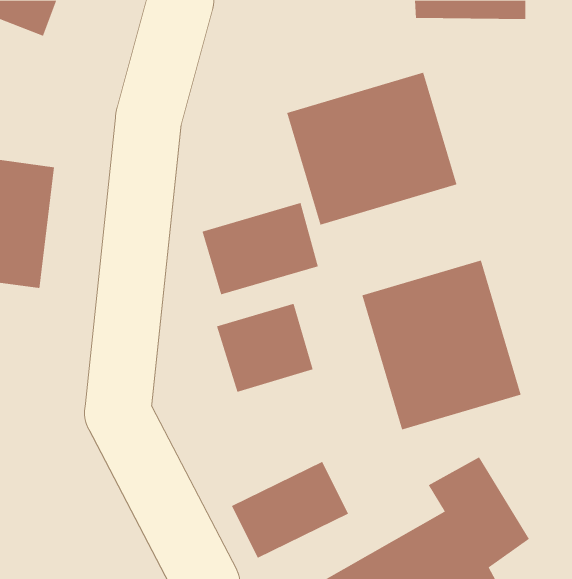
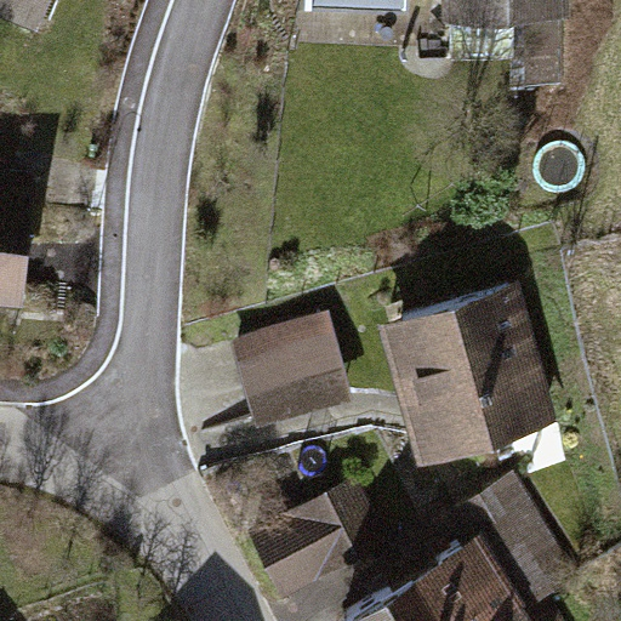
building: [287,72,457,226] -> none
building: [202,202,318,295] -> none

